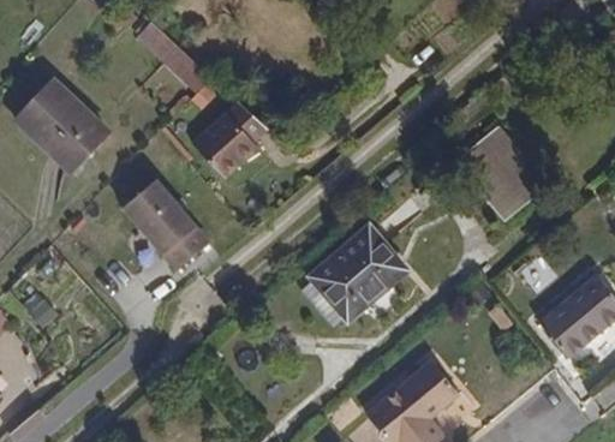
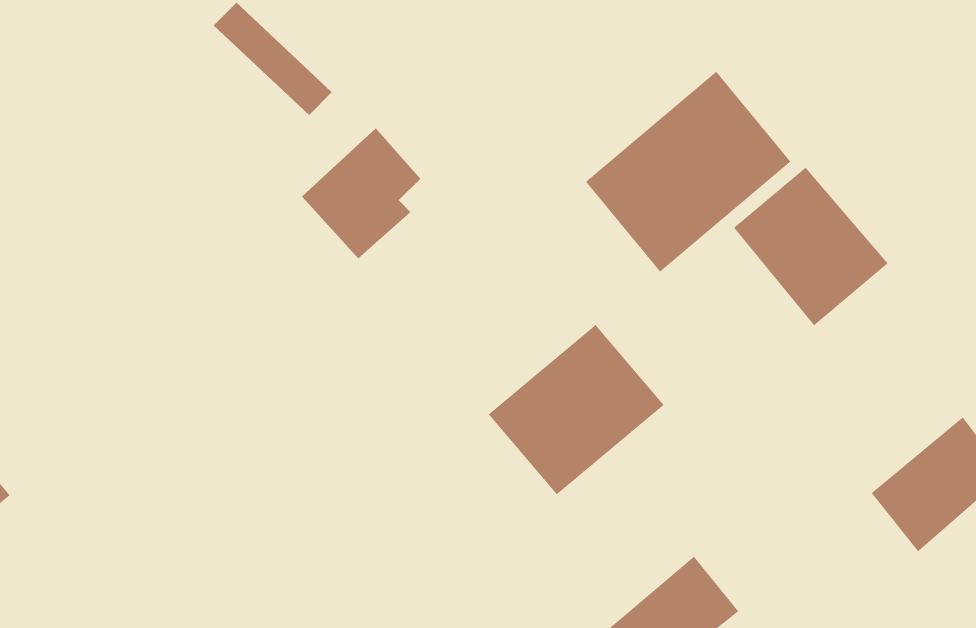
building: none -> [585,71,791,273]
building: [16,80,107,172] -> none
building: [121,175,210,269] -> none

